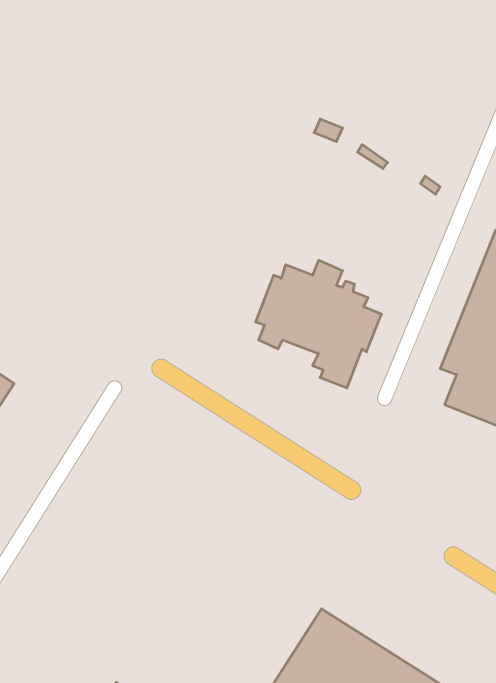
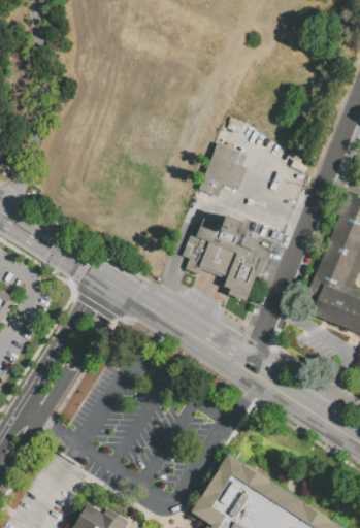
building: none -> [198,143,247,197]

